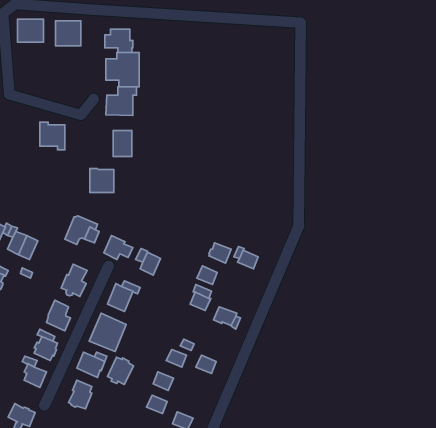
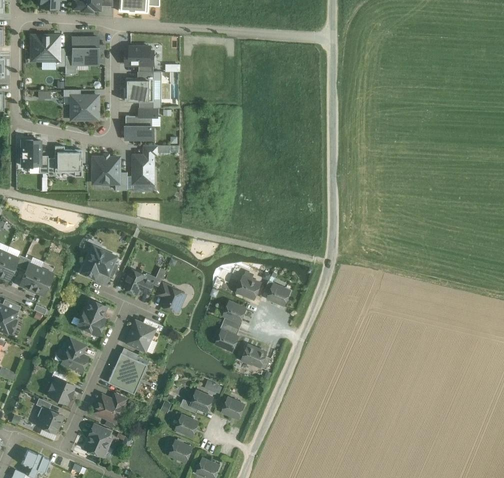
building: none -> [70,95,98,119]
building: none -> [21,139,39,166]
building: [90,168,114,193] -> [93,156,119,182]
building: [108,357,134,385] -> none

